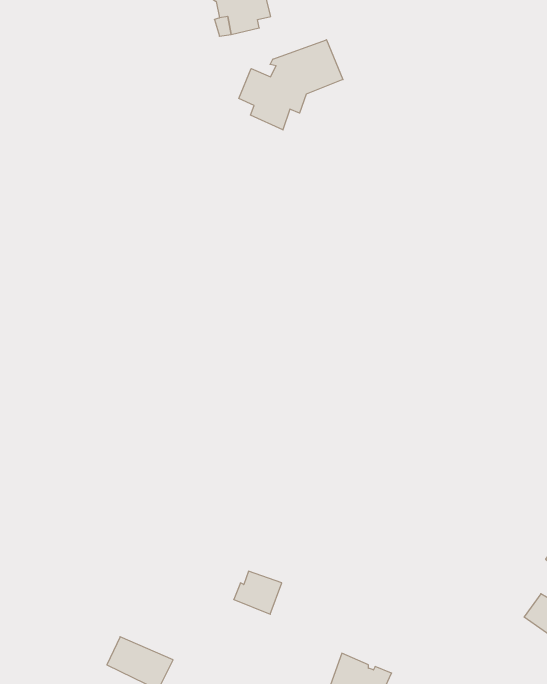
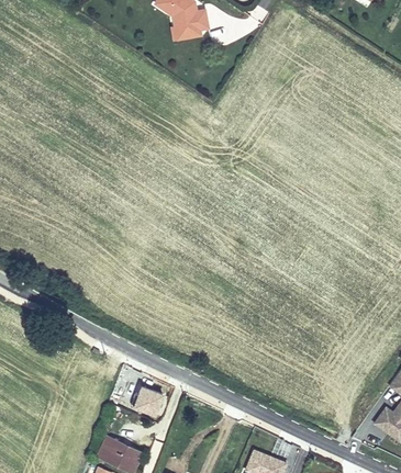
building: [239,40,343,130] -> none
building: [234,571,282,614] -> [135,387,167,416]

